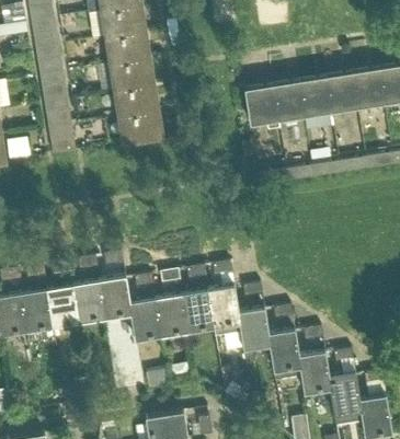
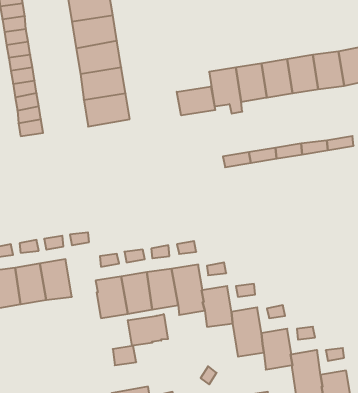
building: none -> [177,86,215,115]
building: [99,277,132,320] -> none
building: none -> [128,314,168,346]

